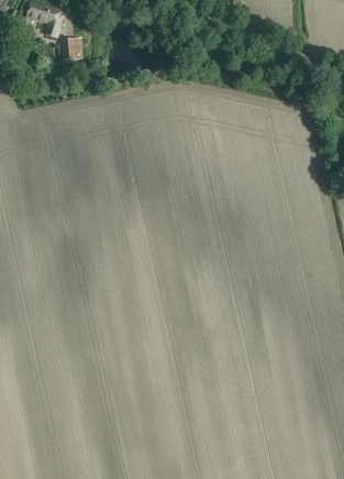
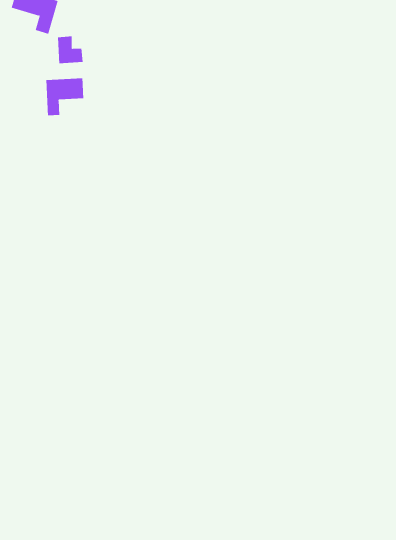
building: none -> [46,78,84,116]

